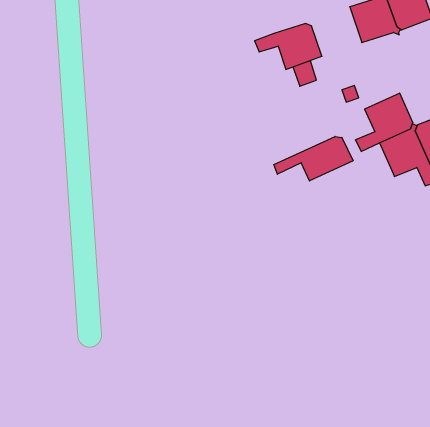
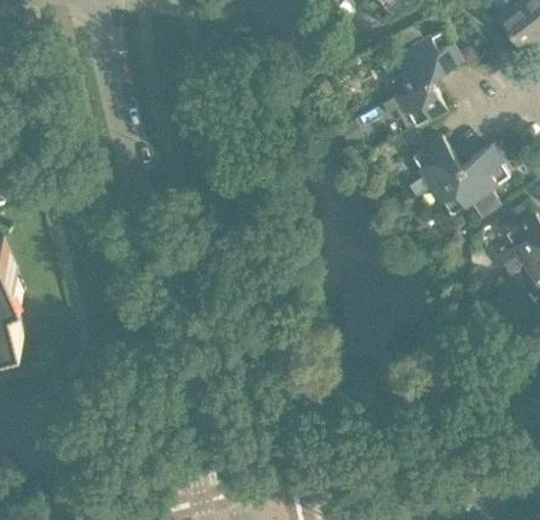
building: [255,24,322,69] -> [381,82,446,128]
building: [274,136,353,181] -> none

